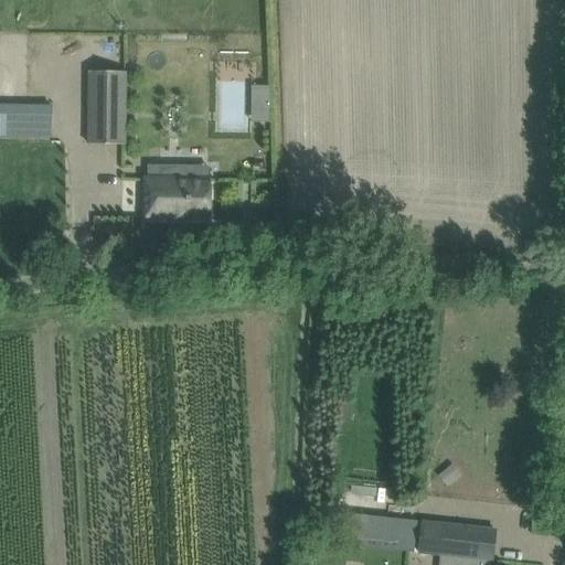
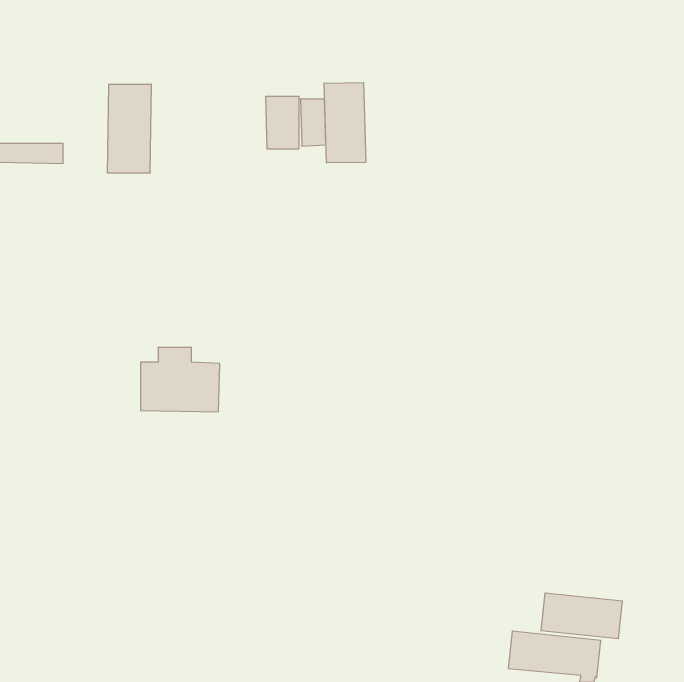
building: none -> [324,83,366,163]
building: [145,164,210,217] -> [141,347,220,412]
building: [347,513,414,551] -> [541,593,623,639]

